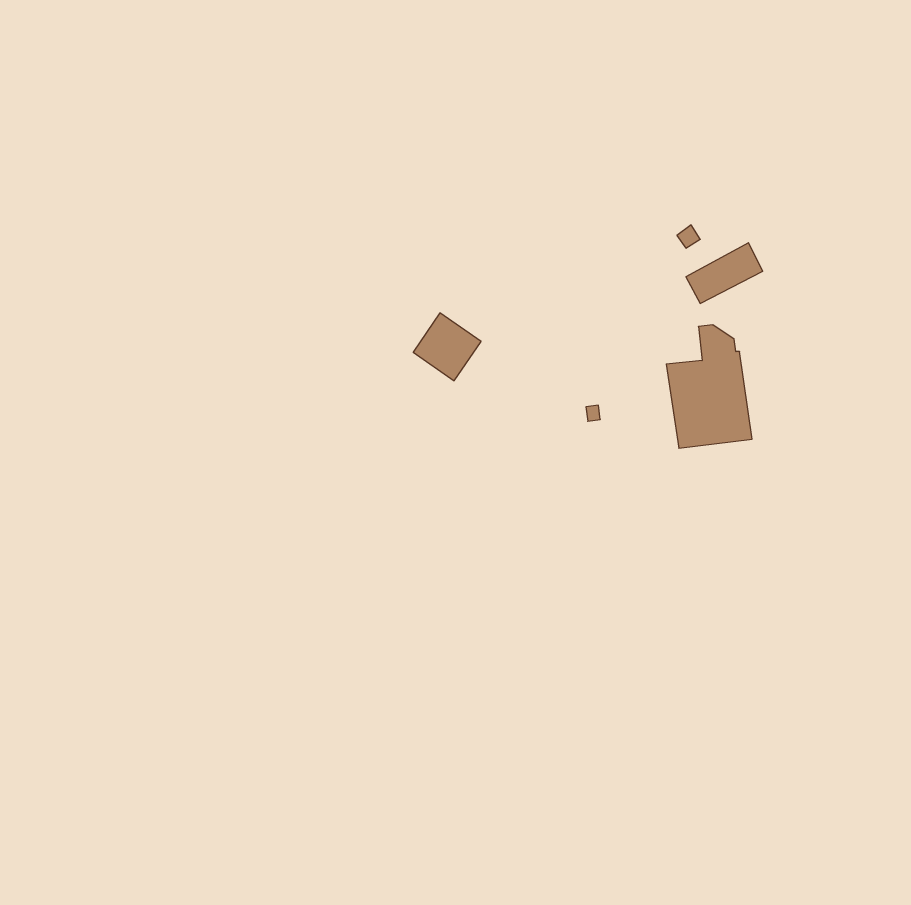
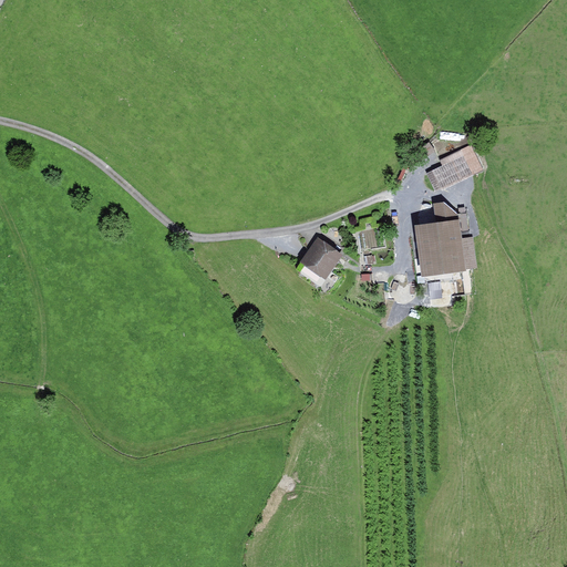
building: [413,313,481,381] -> [300,235,342,277]

